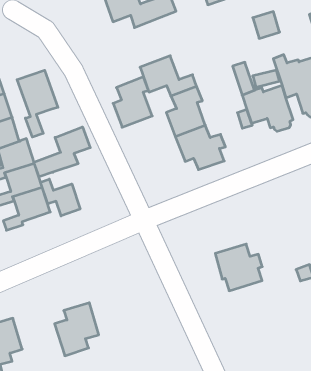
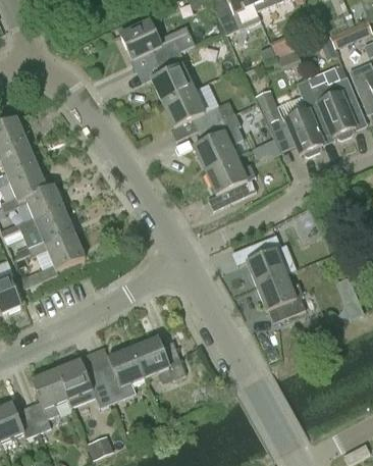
building: [17,70,58,137] -> none
building: [113,77,152,127] -> [152,50,193,103]
building: [34,127,90,177] -> none
building: [41,179,80,216] -> none
building: none -> [246,235,286,286]
building: none -> [132,336,186,382]
building: none -> [56,359,112,408]

